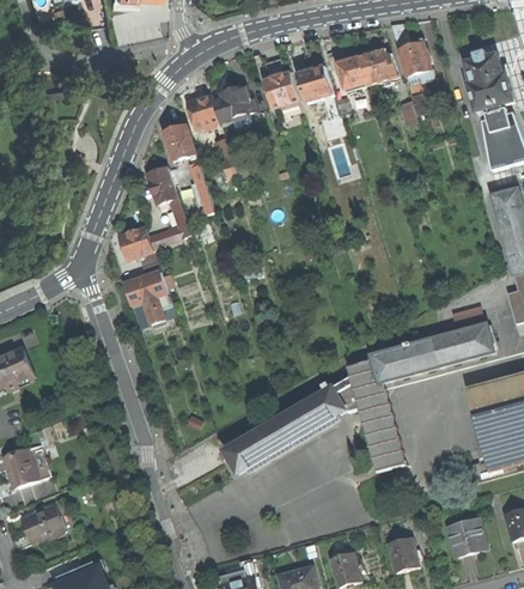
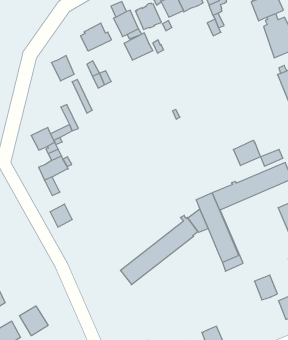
building: [187,96,219,129] -> none
building: none -> [124,33,153,60]
building: [146,166,178,204] -> none
building: none -> [233,140,261,166]
building: [142,291,173,323] -> [50,204,72,227]
building: none -> [19,306,48,336]
building: [388,536,419,571] -> [254,275,277,300]

